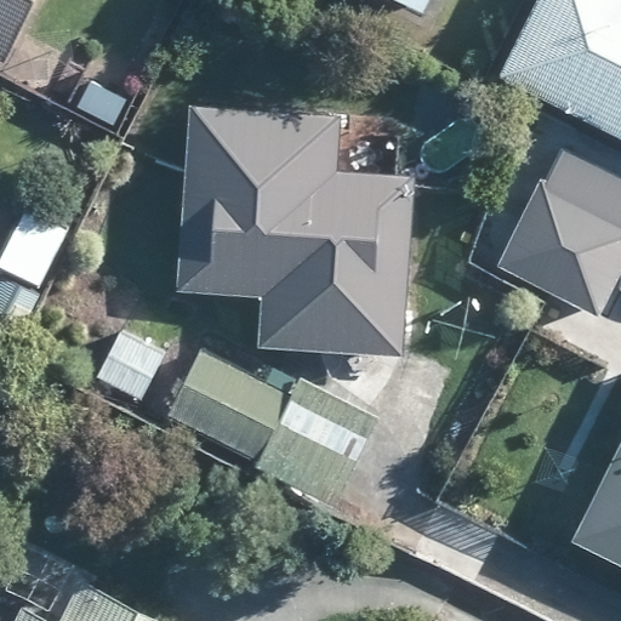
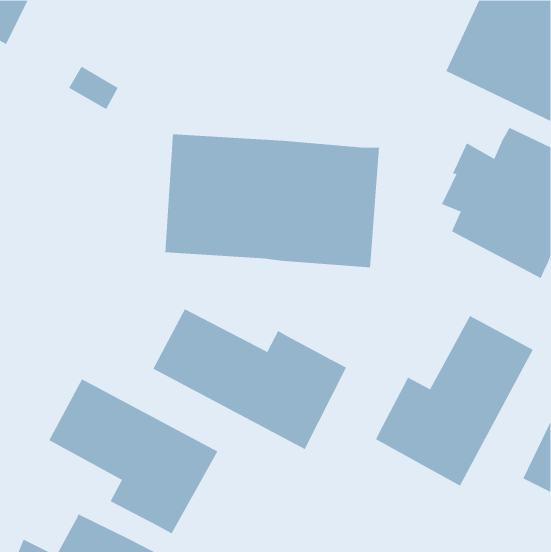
building: none -> [375,315,533,487]
building: none -> [48,378,218,534]

